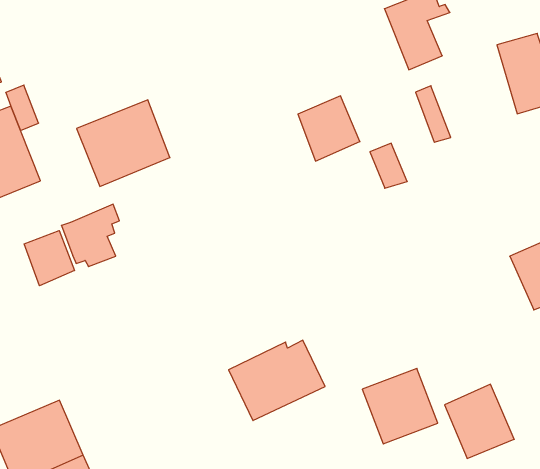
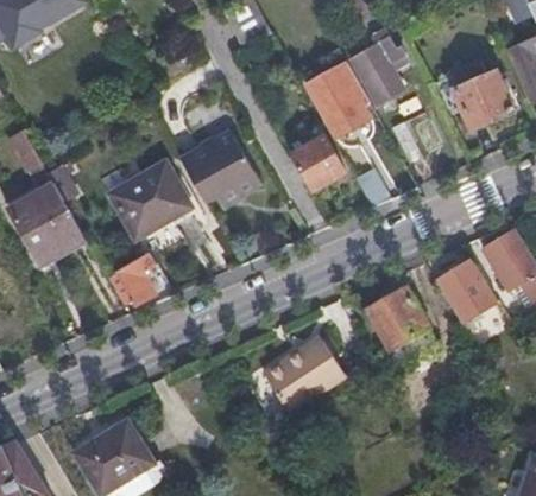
building: none -> [305,62,370,138]
building: none -> [179,131,260,205]
building: [24,231,74,286] -> none
building: [362,368,438,444] -> [362,286,429,352]
building: [445,384,514,458] -> [436,259,498,323]

